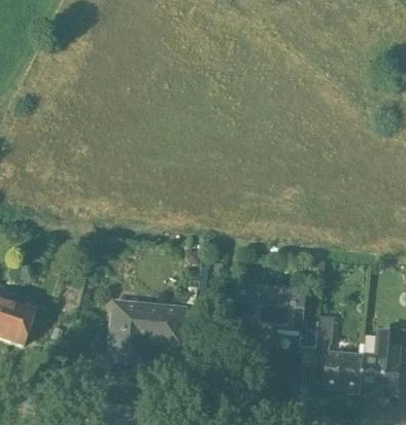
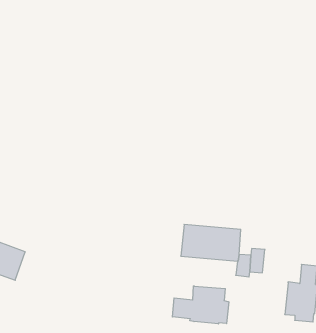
building: [107,304,181,362] -> none
building: [324,349,363,391] -> none
building: none -> [172,286,229,324]

